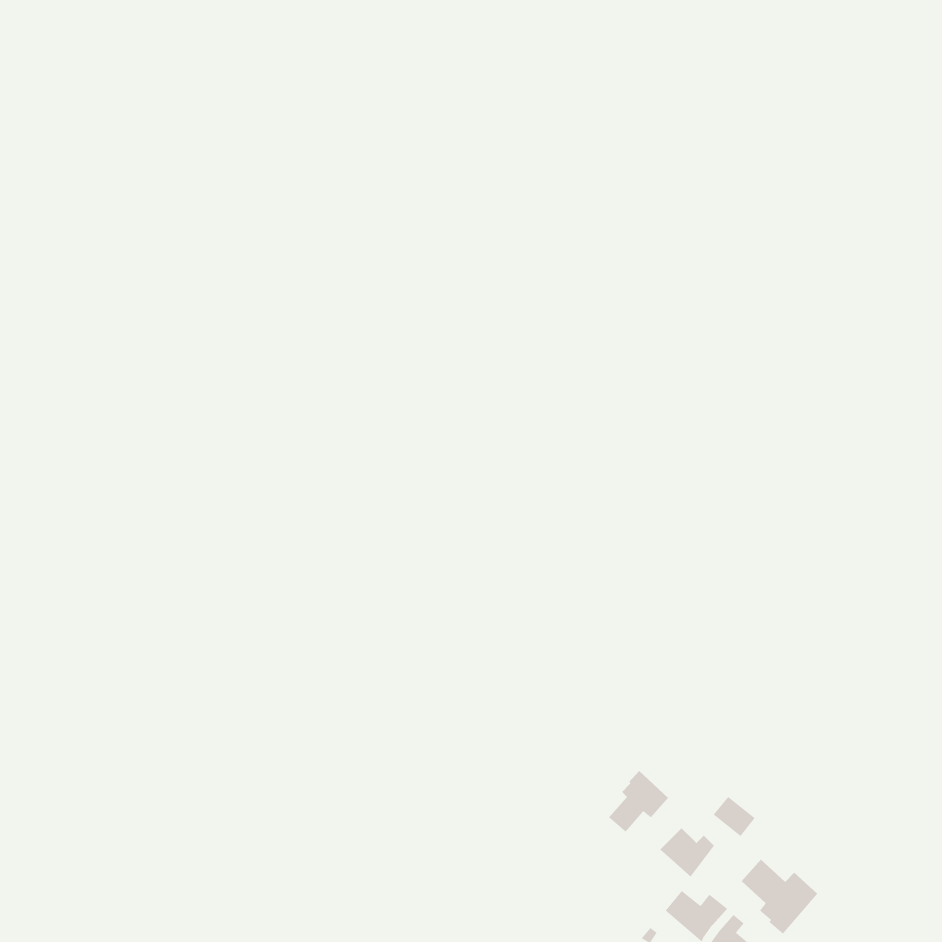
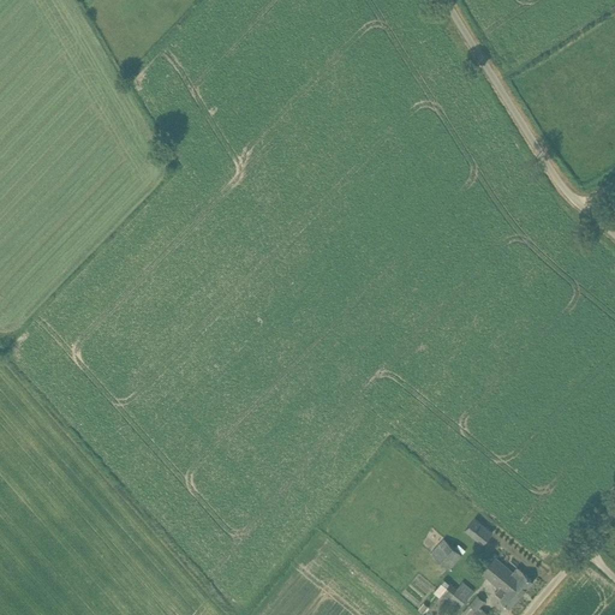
building: [608,770,669,833] -> none

